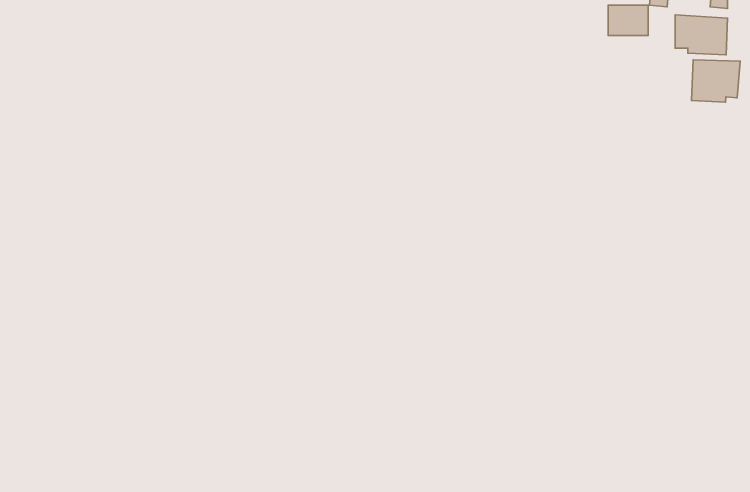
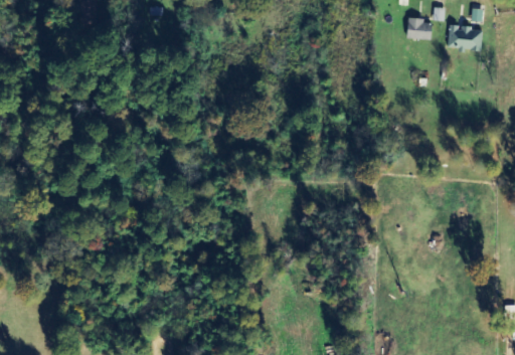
building: [691,60,740,102] -> none

